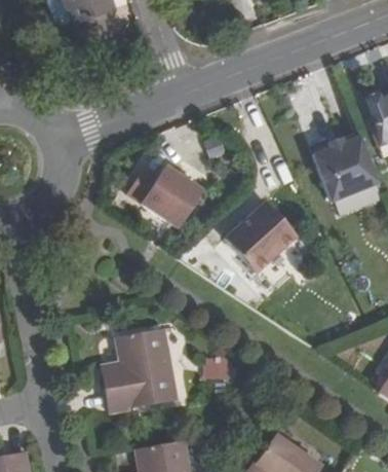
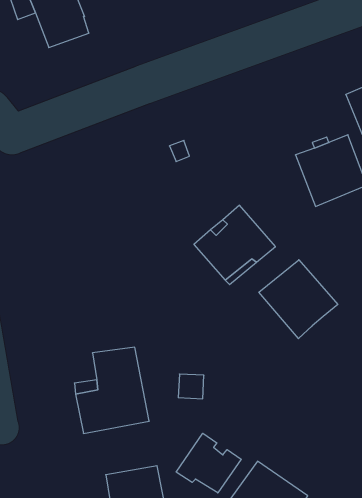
building: [128,162,204,226] -> none
building: none -> [259,260,338,339]
building: none -> [176,433,241,493]

